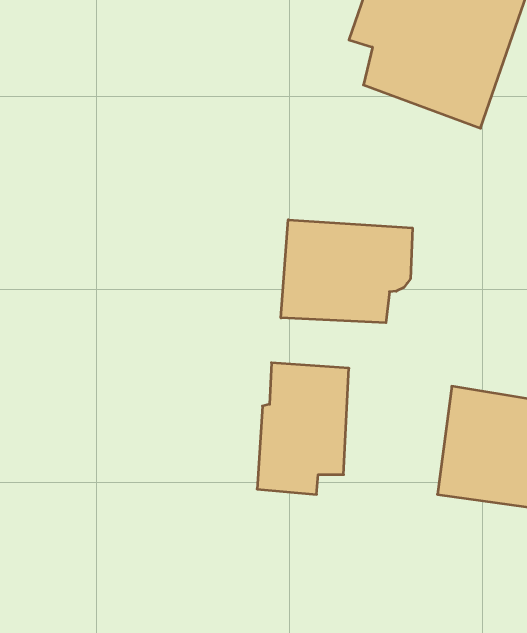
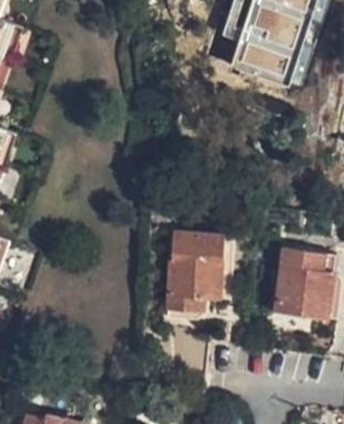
building: [281,220,412,323] -> none

